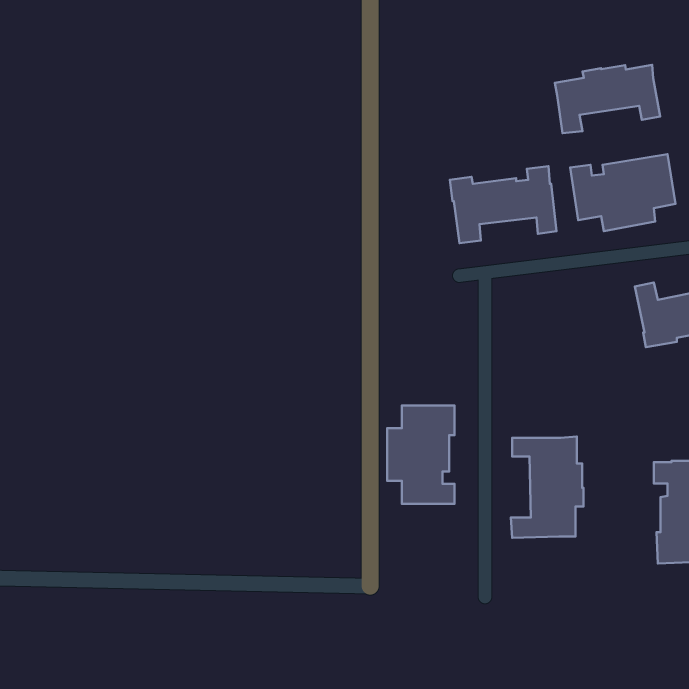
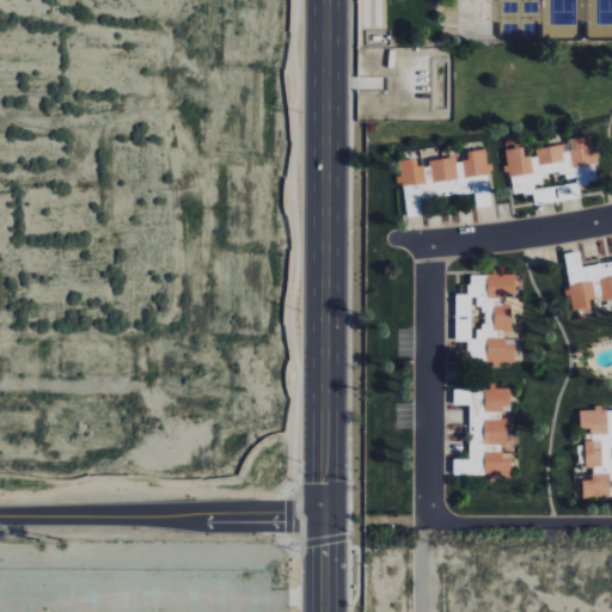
building: [555,65,660,133] -> none
building: [387,405,455,504] -> [457,274,516,361]

